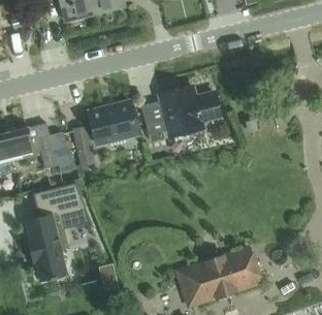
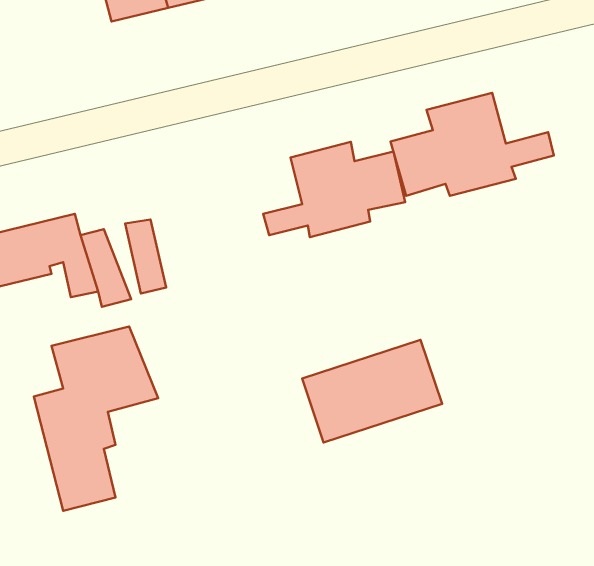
building: none -> [391,93,554,196]
building: [89,101,136,143] -> none
building: [185,248,259,303] -> [302,340,442,443]

